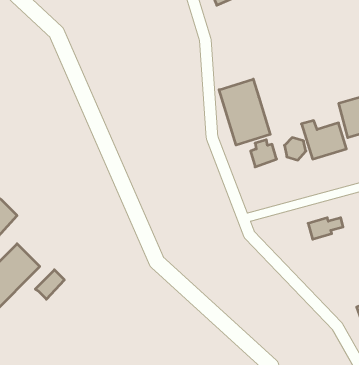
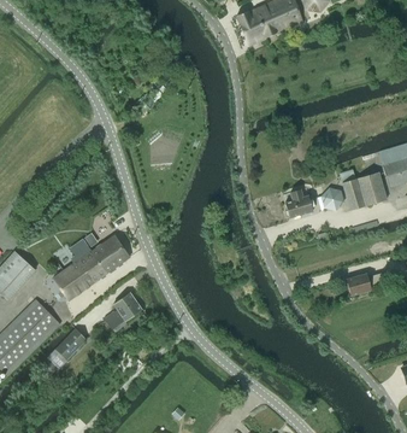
building: [219,79,270,145] -> none
building: none -> [52,233,130,299]
building: none -> [104,291,142,330]

